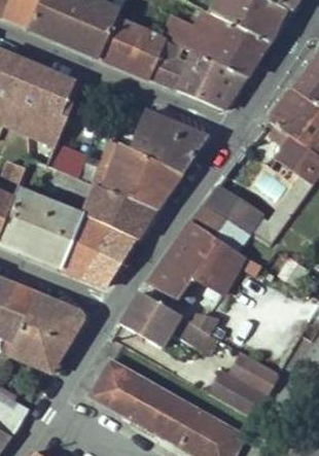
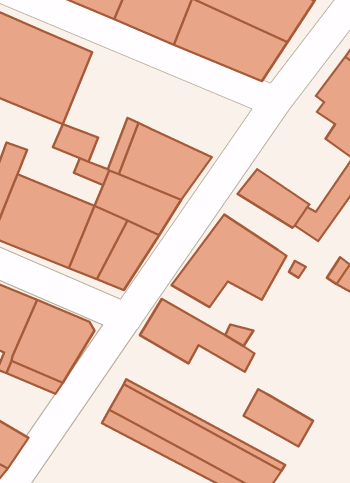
building: [130,110,205,172] -> none
building: [191,203,249,250] -> none
building: [227,350,279,394] -> none

